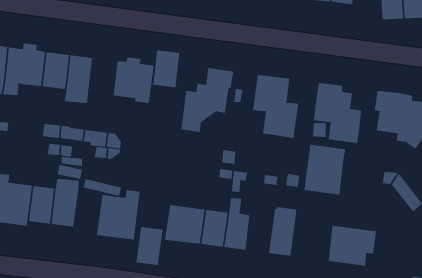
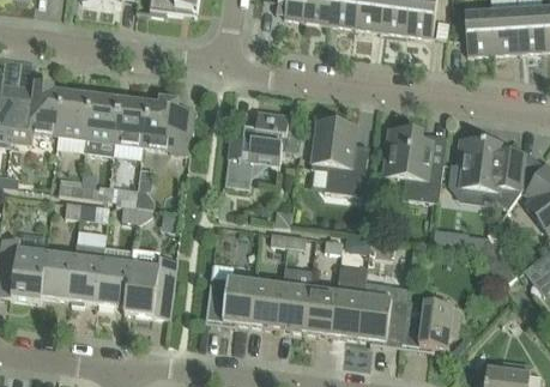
building: [152,50,180,88] -> [114,98,147,144]
building: [303,144,346,195] -> [357,282,409,343]
building: none -> [303,288,336,333]
building: [136,226,163,265] -> [96,259,129,306]

